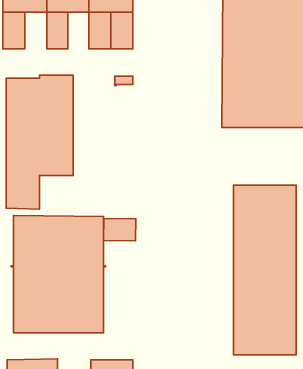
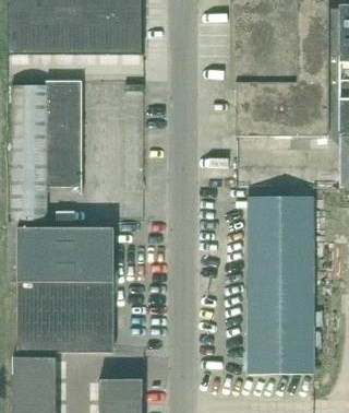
building: none -> [31,15,53,54]
building: none -> [75,15,97,54]
building: [103,219,136,241] -> none
building: none -> [12,355,64,378]

